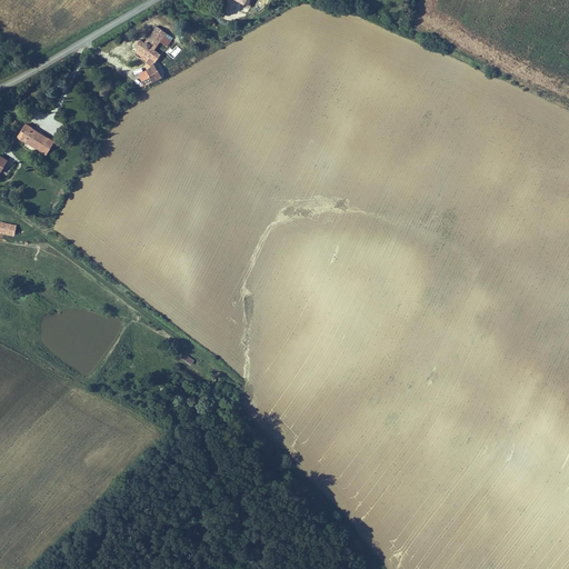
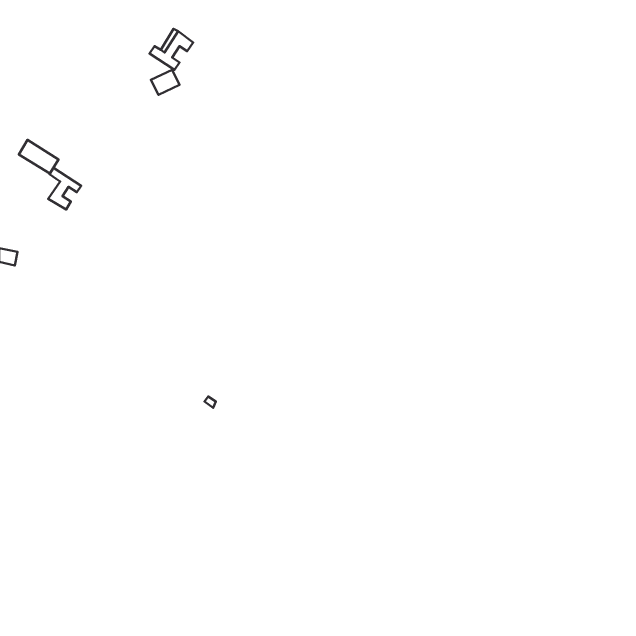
building: none -> [48,168,81,209]

